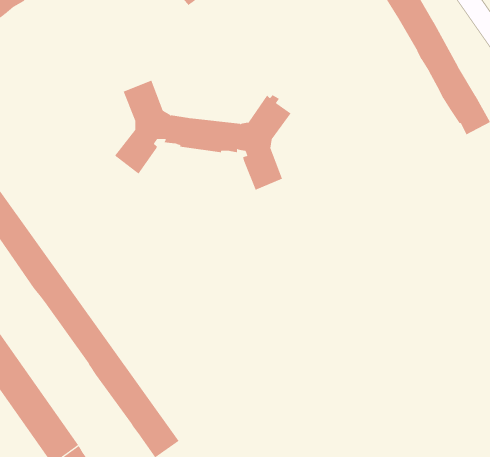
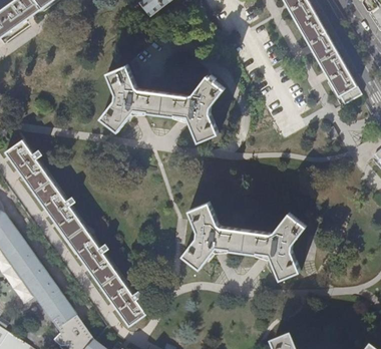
building: none -> [182,201,306,277]

